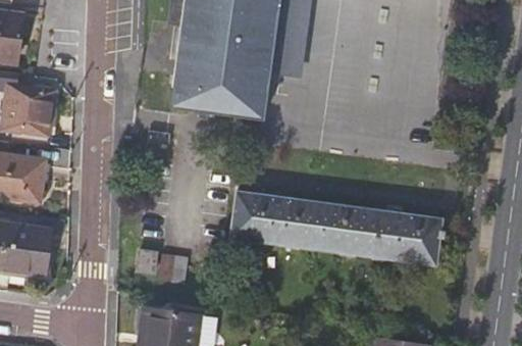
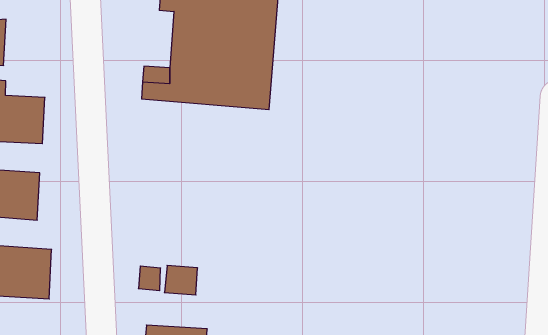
building: [228,192,442,266] -> none

